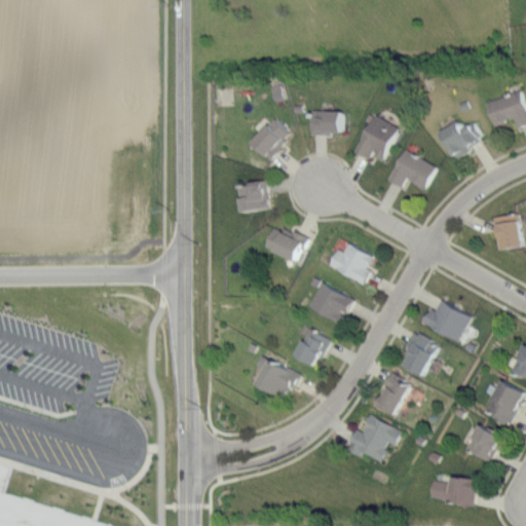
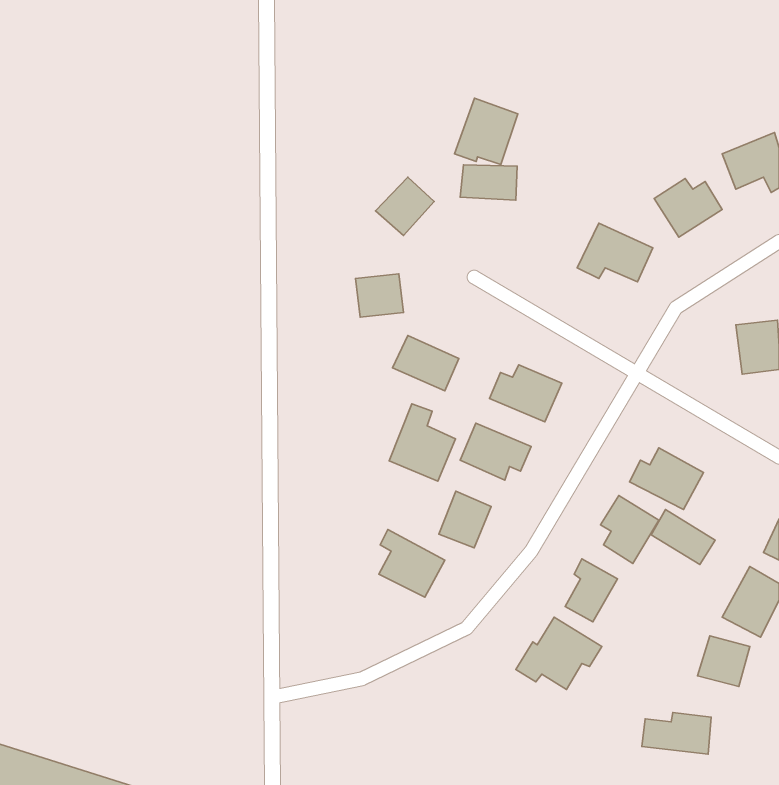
building: [355,116,398,160] -> [455,98,518,164]
building: none -> [389,404,456,481]
building: none -> [651,509,715,564]

